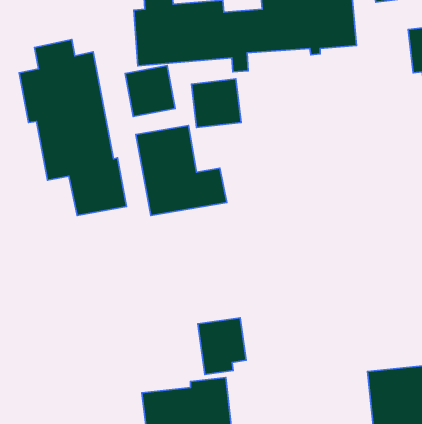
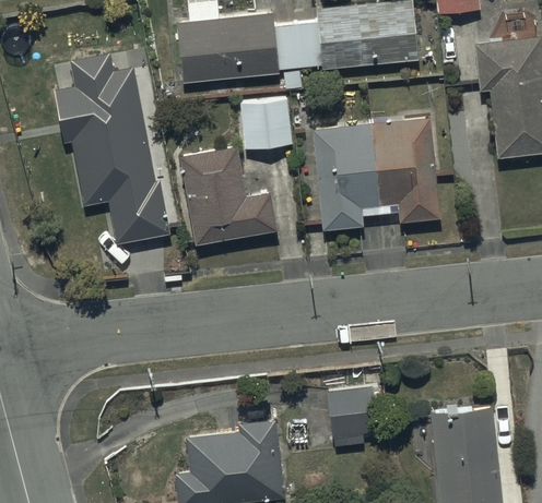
building: [125,66,175,116] -> none
building: none -> [313,119,439,231]
building: [198,318,246,375] -> [331,387,384,448]

